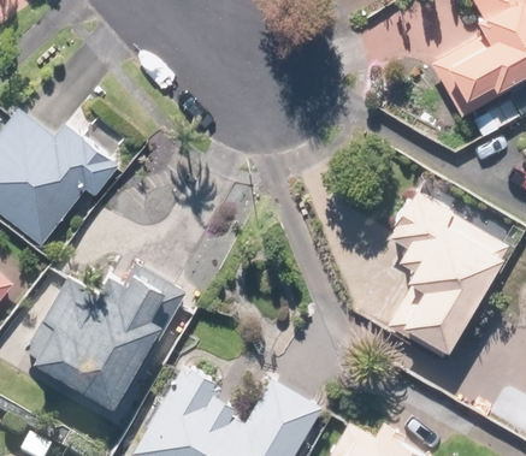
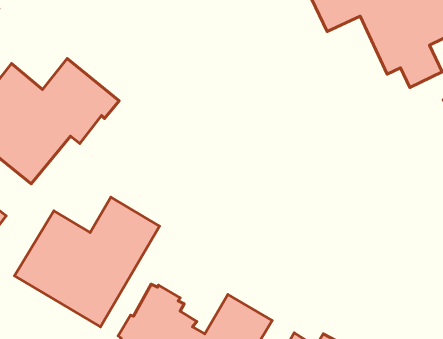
building: [386,190,508,359] -> none

